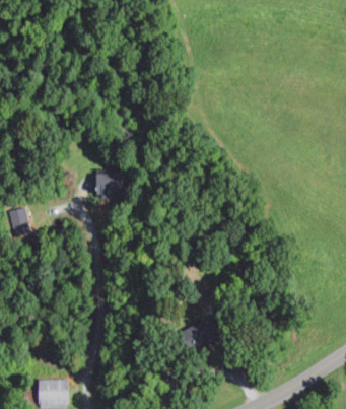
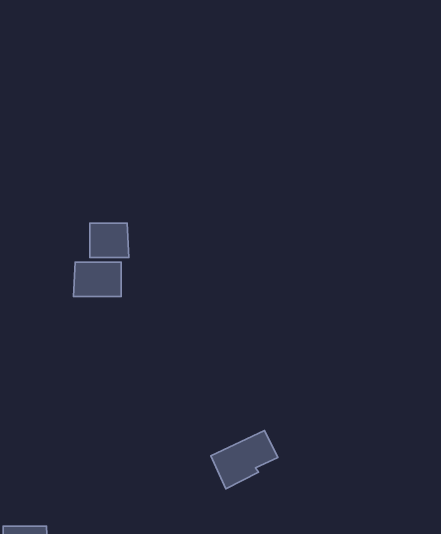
building: none -> [73,262,121,296]

